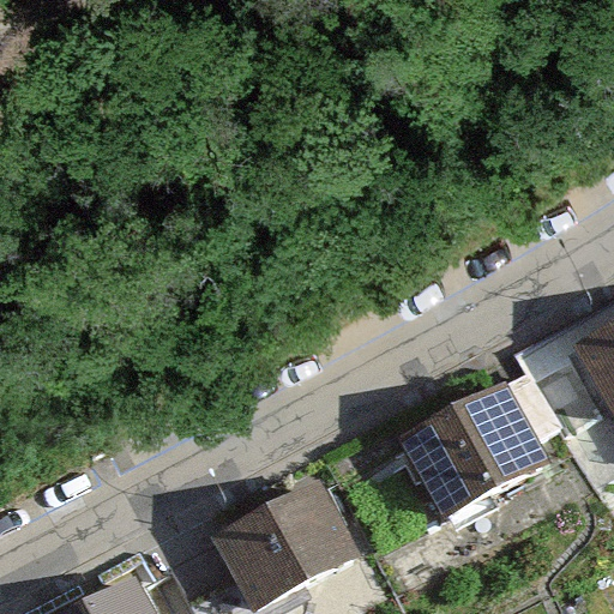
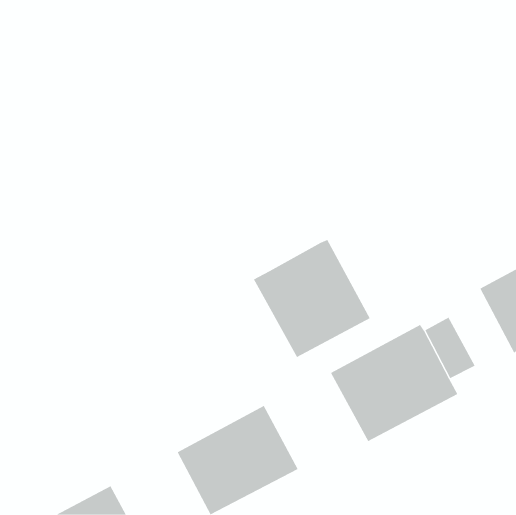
building: none -> [253,239,370,358]

